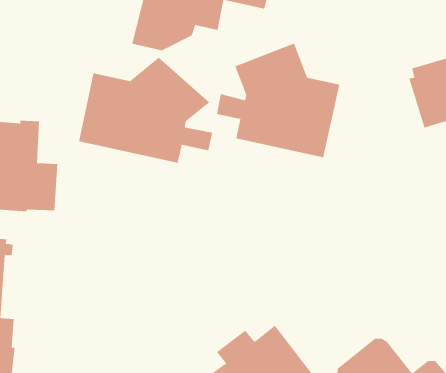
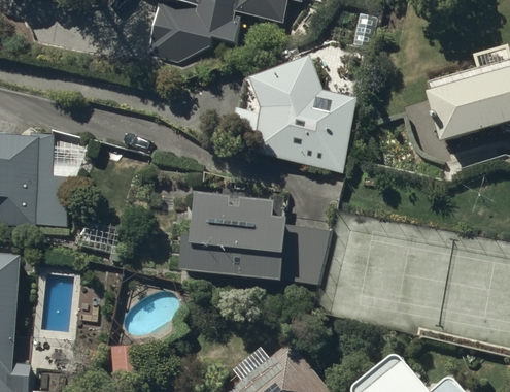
building: [78,57,213,164] -> none
building: none -> [179,170,328,284]

